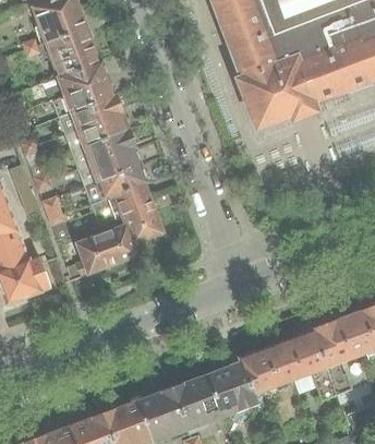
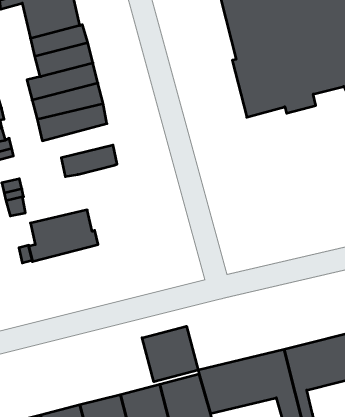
building: [77,147,141,187] -> none
building: [112,183,162,244] -> none
building: none -> [142,326,198,382]

